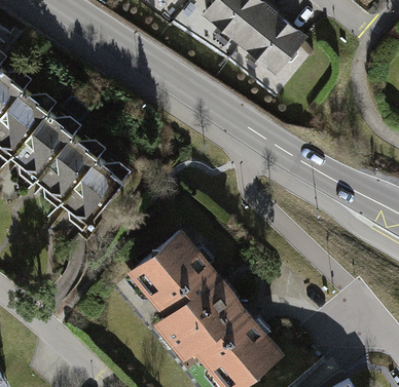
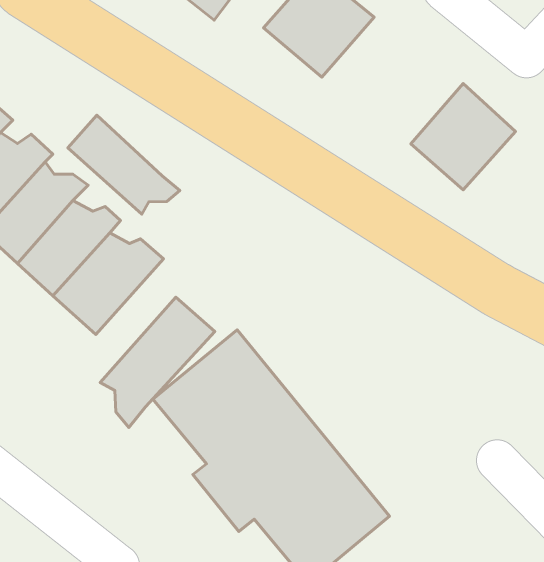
building: [235,13,305,84] -> [411,84,515,190]
building: none -> [68,115,180,214]
building: none -> [100,297,215,427]

